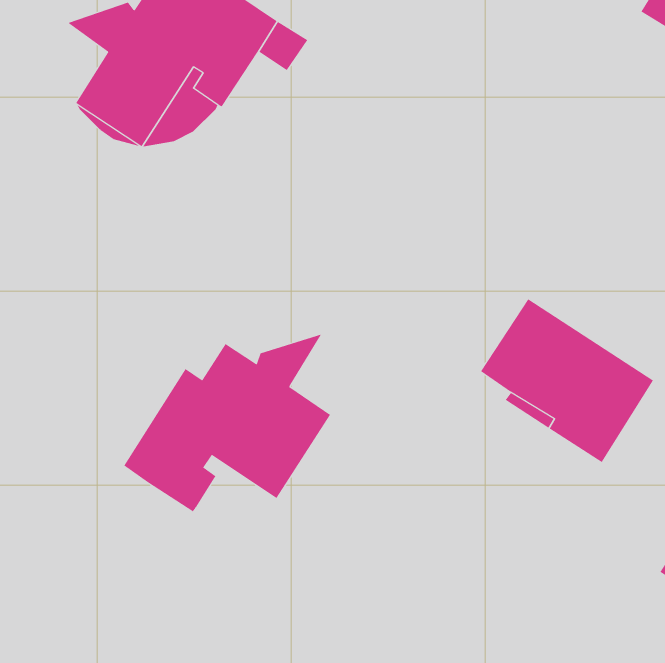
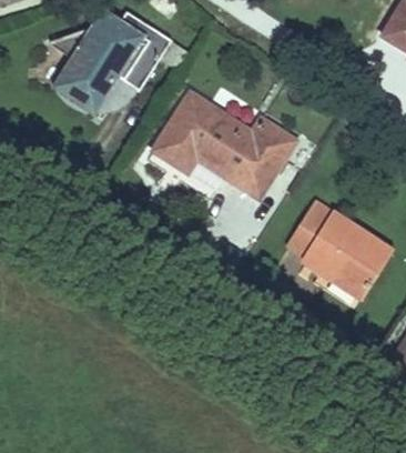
building: none -> [153,92,295,197]
building: [124,334,331,512] -> none

